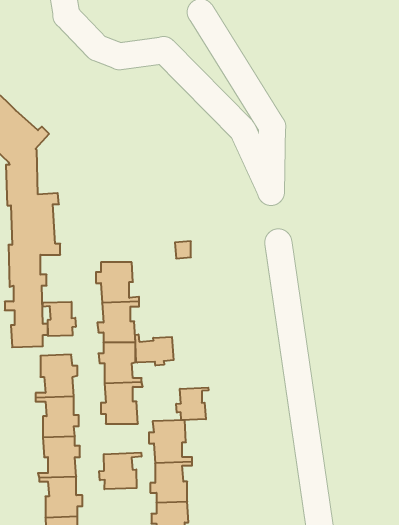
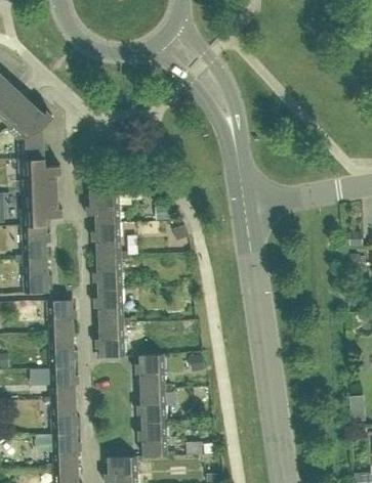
building: none -> [86,187,125,222]
building: [42,302,76,336] -> none
building: [135,334,174,366] -> none
building: [176,388,208,420] -> none
building: [99,453,141,489] -> none

